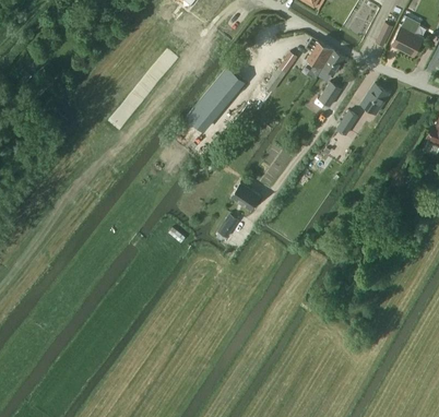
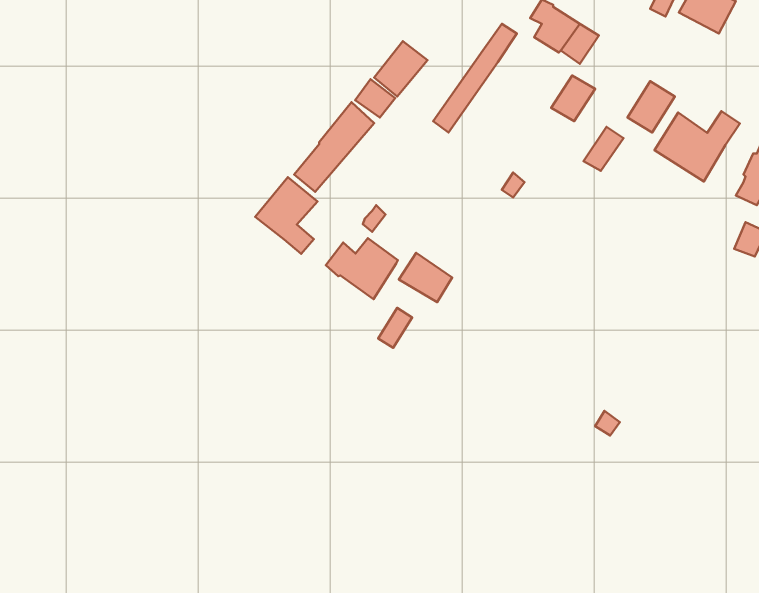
building: none -> [655,111,740,182]
building: none -> [255,177,318,254]
building: none -> [326,238,398,299]

